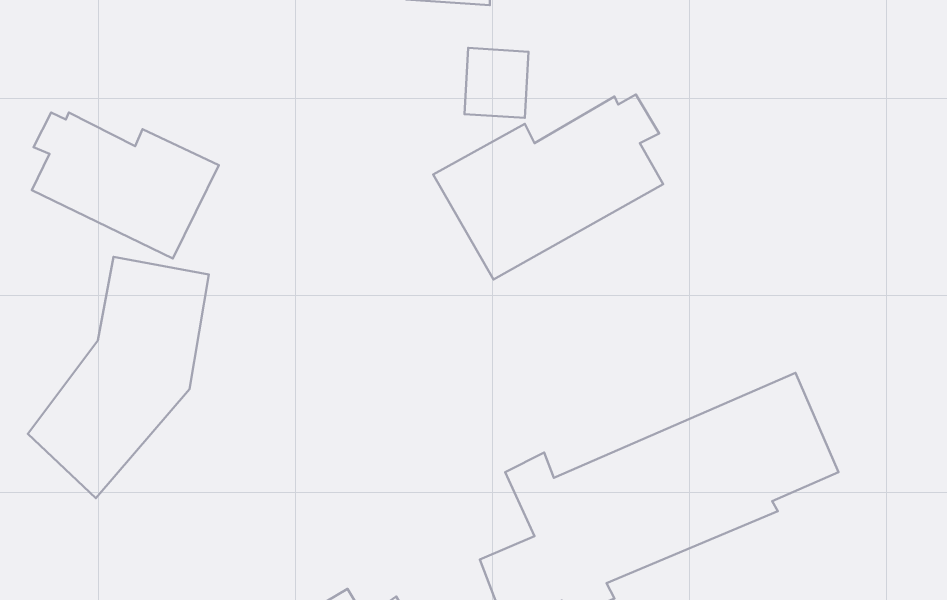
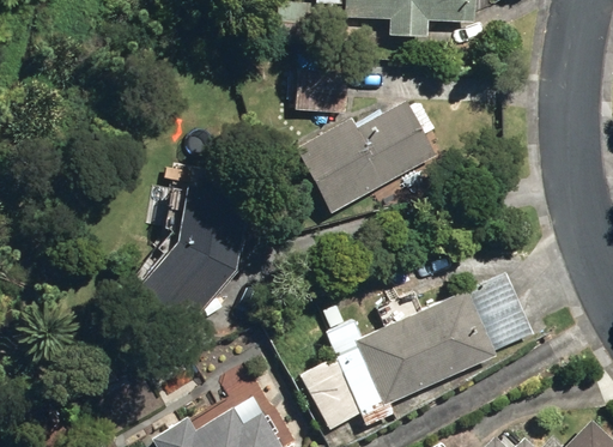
building: [32,113,219,258] -> none
building: [28,257,209,498] -> [136,182,248,331]

